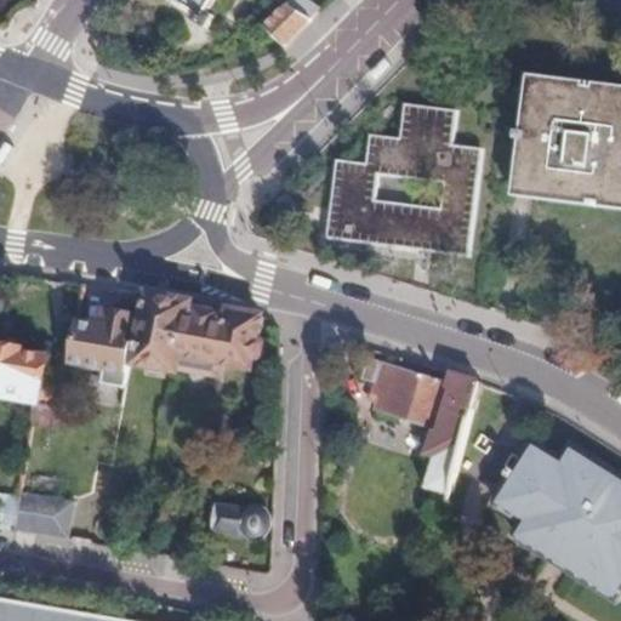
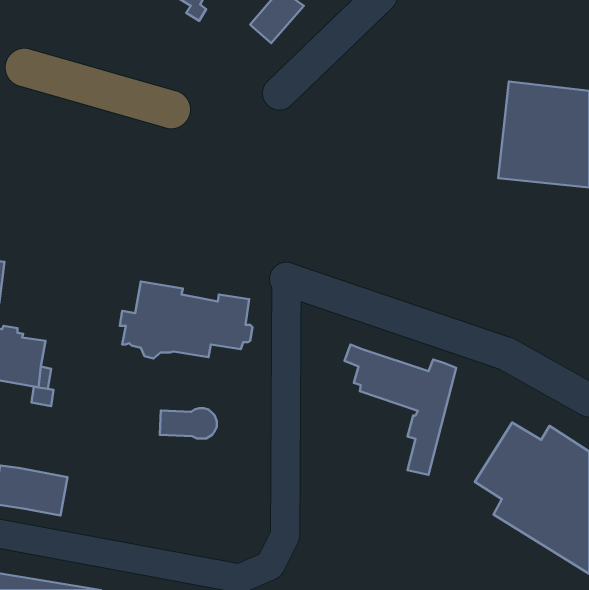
building: [320,102,480,253] -> none
building: [68,313,131,374] -> none
building: [211,500,270,531] -> [160,408,217,438]

